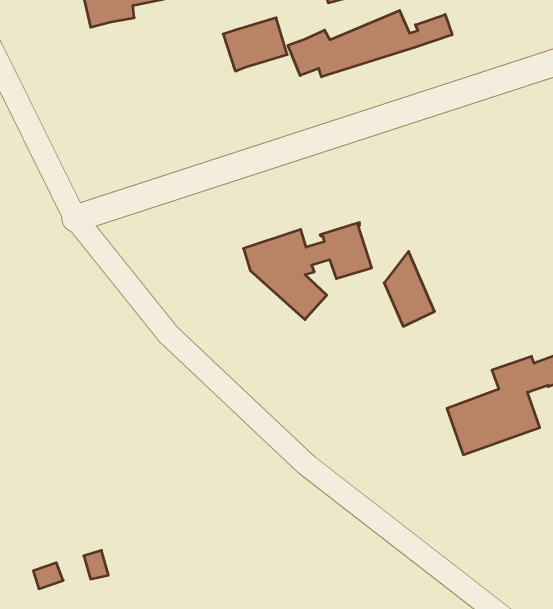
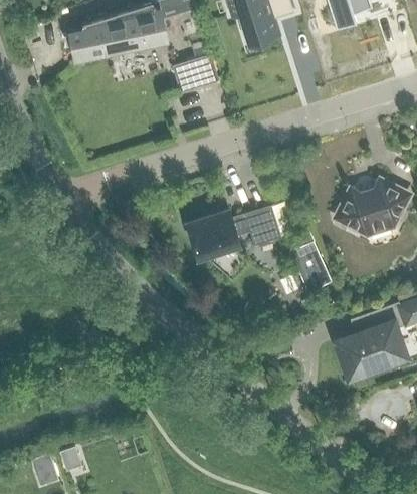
building: [288,10,452,77] -> none
building: none -> [336,180,408,235]

